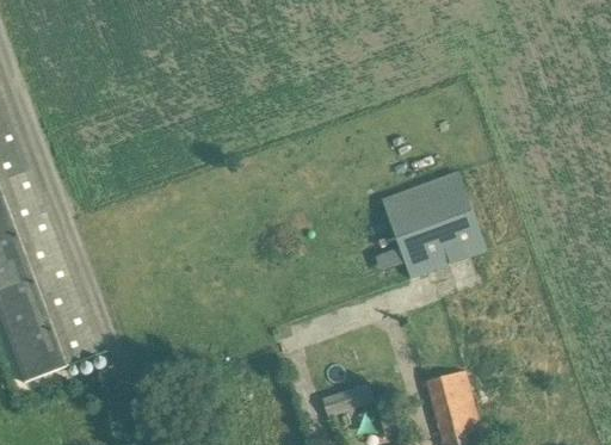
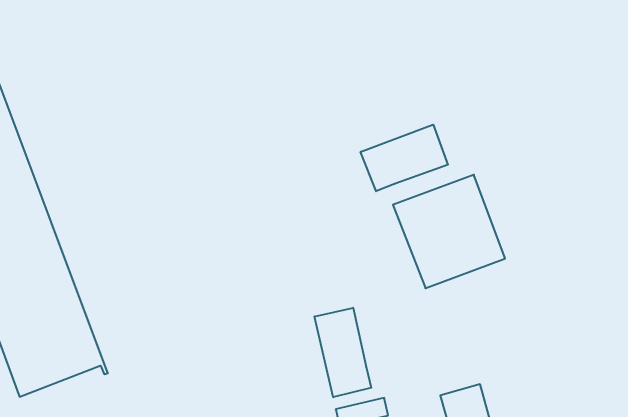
building: none -> [361,125,448,191]
building: none -> [315,308,371,397]

